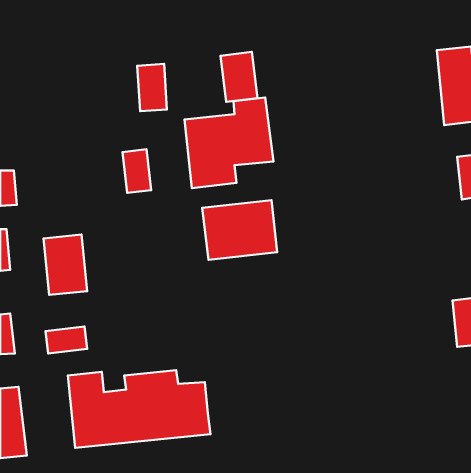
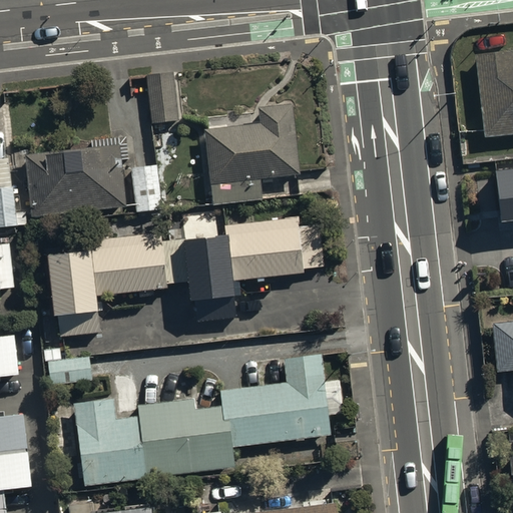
building: [221,52,258,102] -> none
building: none -> [23,145,127,218]
building: none -> [92,236,164,297]
building: none -> [183,238,229,304]
building: none -> [222,357,328,447]

